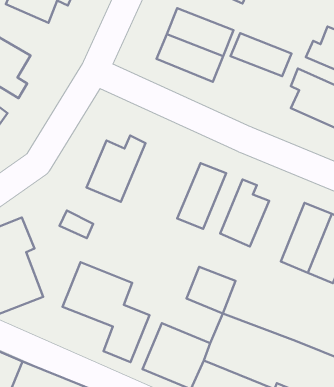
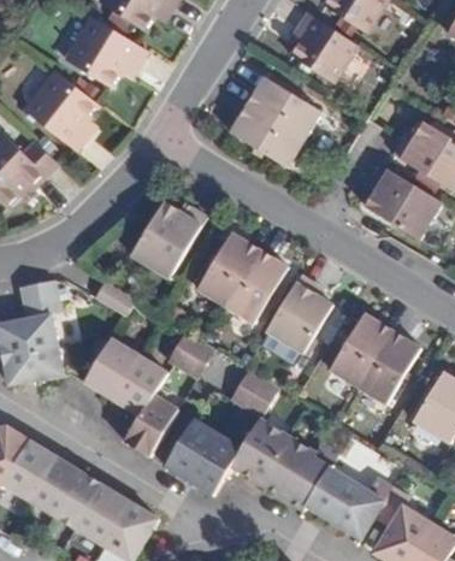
building: [231,33,292,76] -> none
building: none -> [196,235,259,308]
building: none -> [165,329,217,382]

